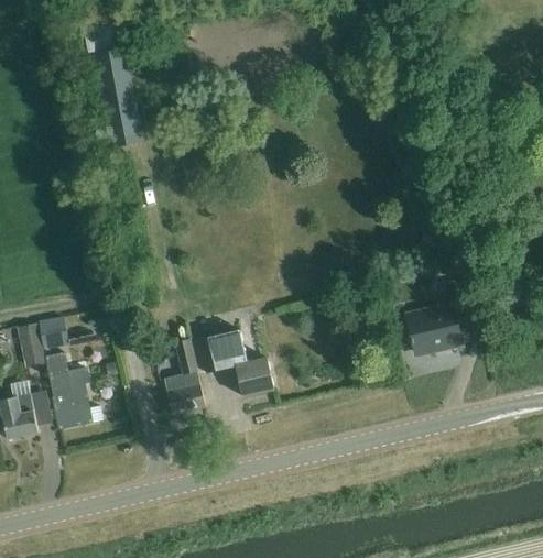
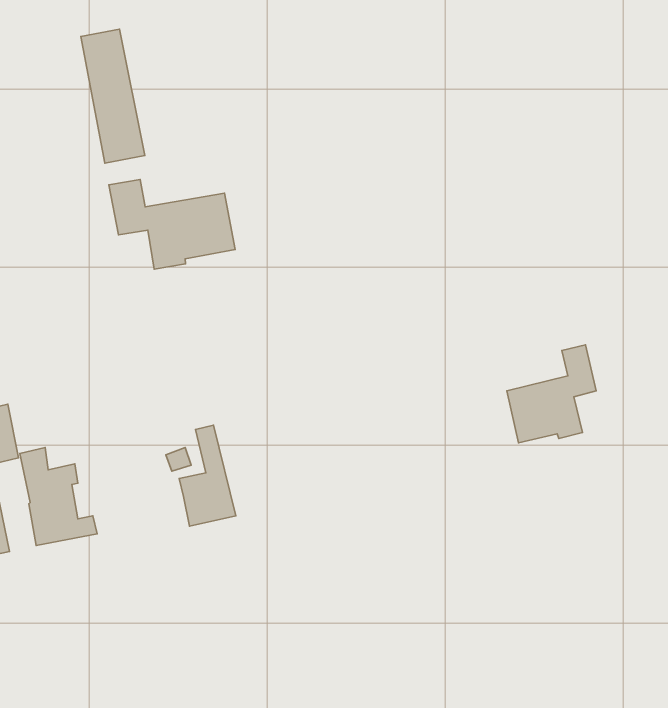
building: none -> [109,179,235,269]
building: [41,321,67,352] -> none
building: [199,330,274,396] -> none

